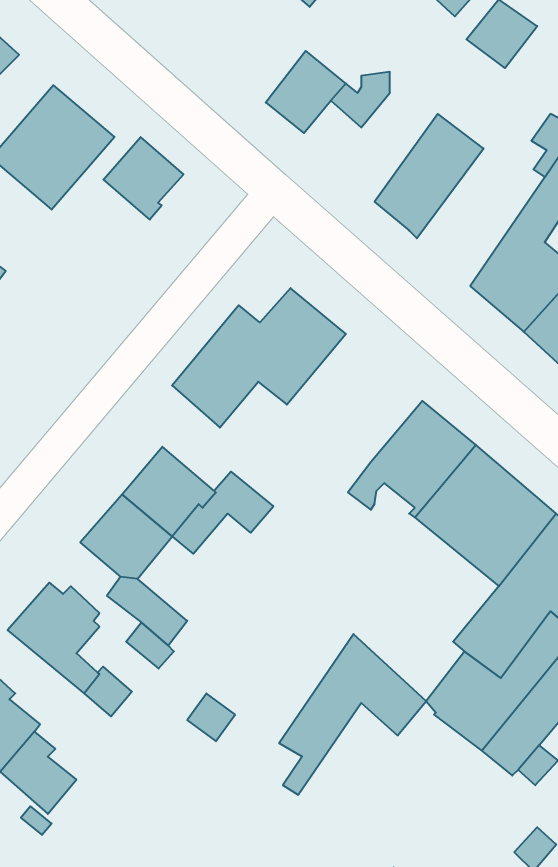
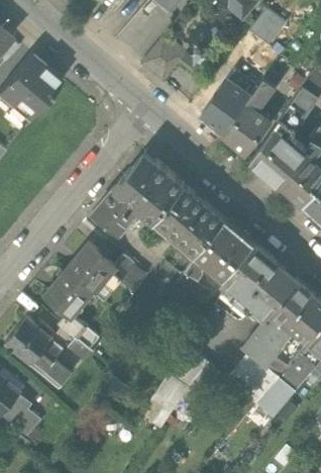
building: none -> [222,79,276,157]
building: [103,137,183,220] -> none
building: none -> [153,186,225,254]

